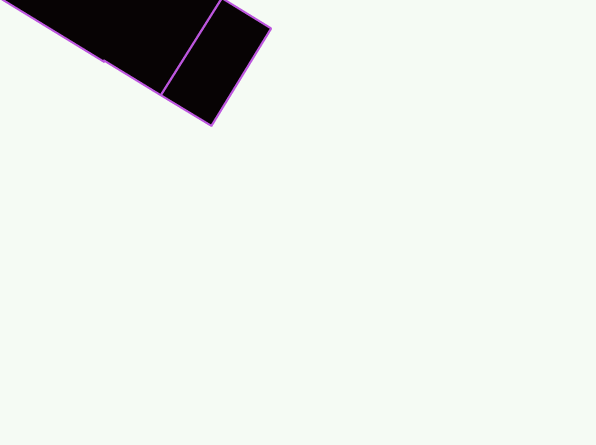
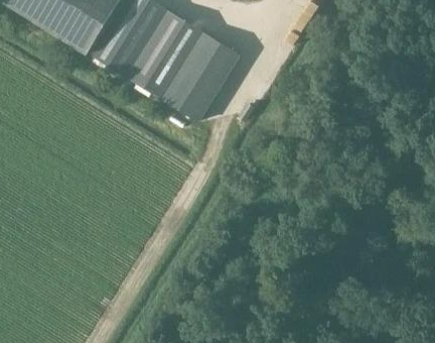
building: none -> [160,31,240,122]

